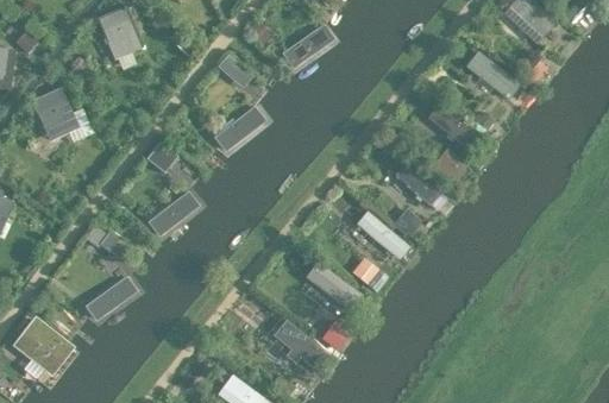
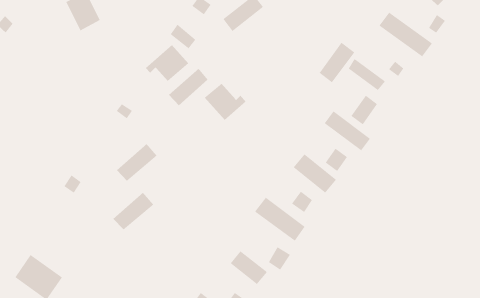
building: none -> [145,44,189,82]
building: none -> [319,42,355,83]
building: [33,89,76,138] -> none
building: none -> [204,83,247,121]
building: [83,278,133,322] -> [113,192,154,230]

